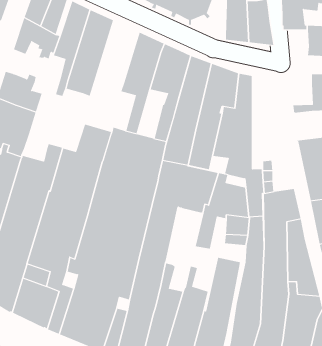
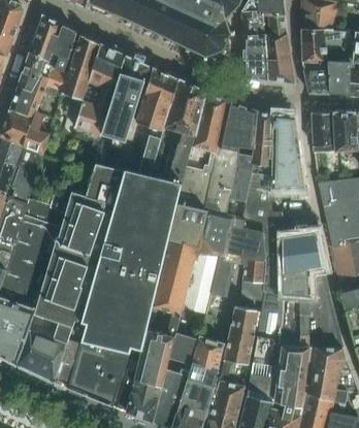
building: none -> [102,56,149,140]
building: none -> [303,66,330,94]
building: none -> [10,78,48,118]
building: none -> [312,112,334,145]
building: none -> [271,114,306,190]
building: none -> [181,253,219,315]

